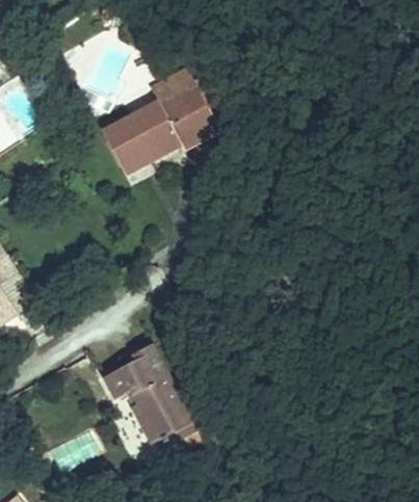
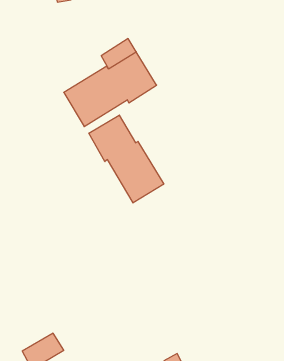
building: none -> [89,115,164,203]
building: [97,342,188,443] -> none

